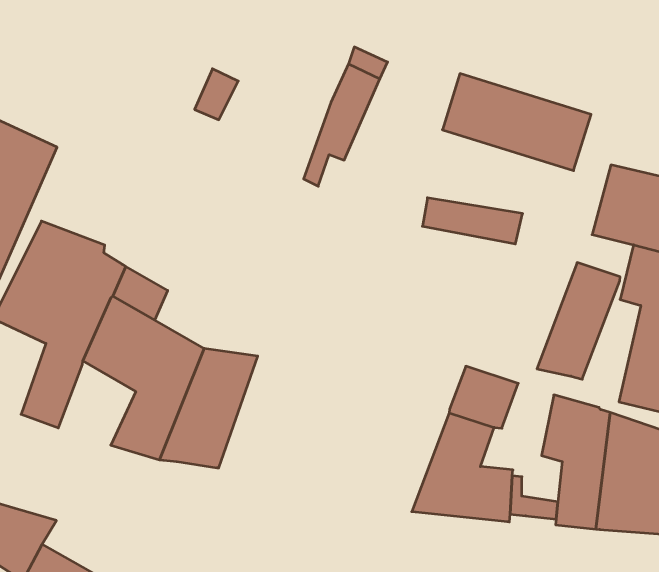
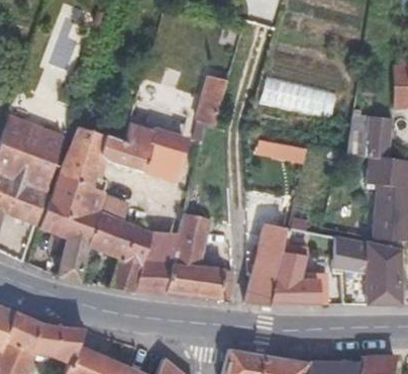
building: none -> [60,121,186,193]
building: [537,263,620,379] -> [244,246,283,306]
building: none -> [166,213,234,302]

